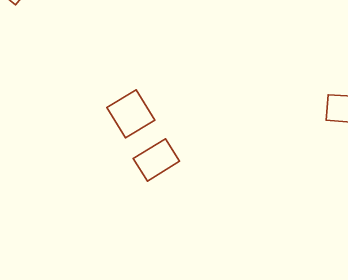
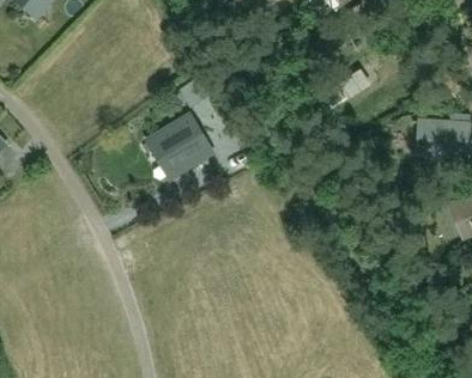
building: [133,139,180,181] -> none

